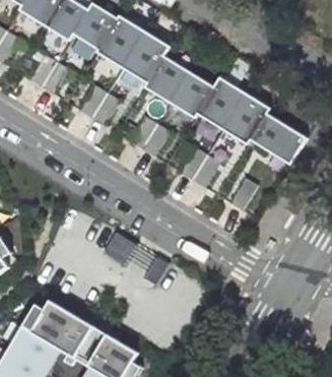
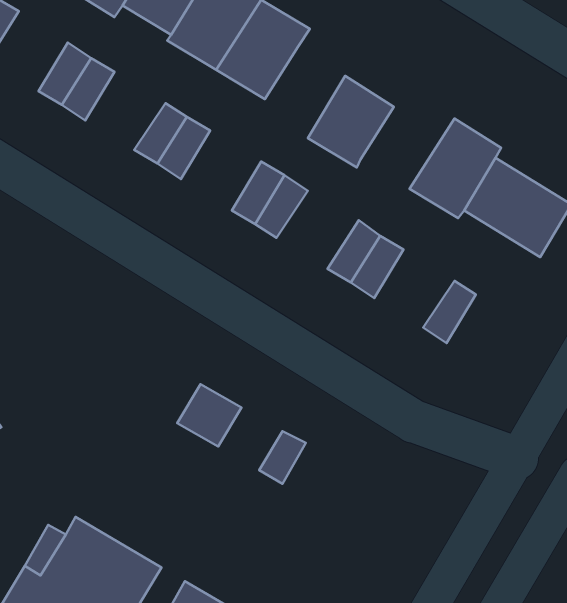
building: [144,56,189,104] -> none
building: [197,78,246,130] -> none

